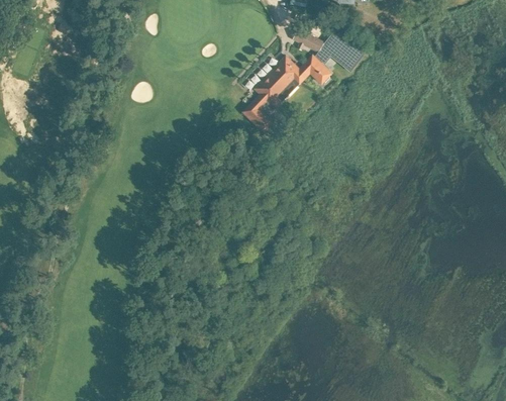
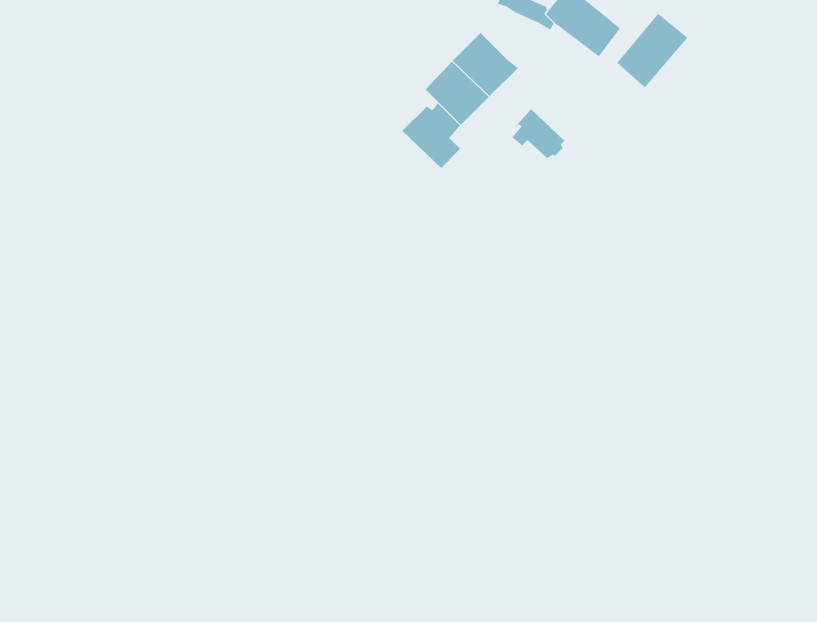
building: none -> [617,13,688,88]
building: [300,55,330,83] -> [511,109,565,159]

